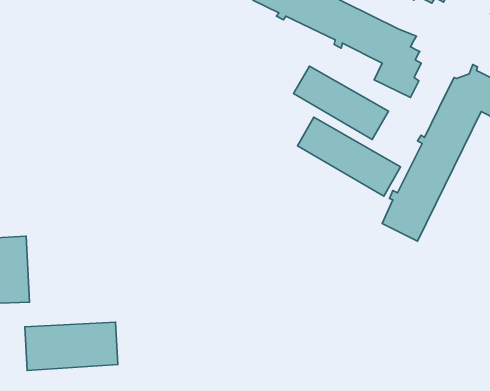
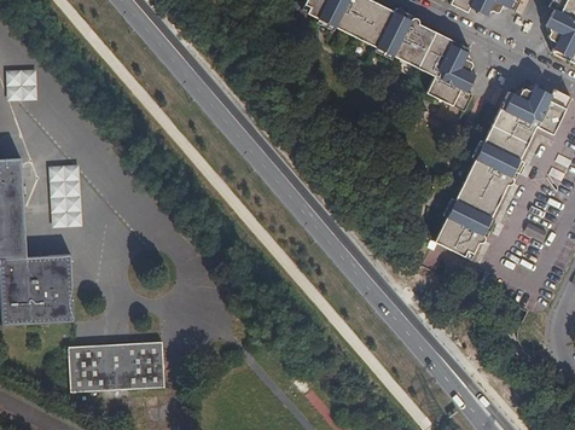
building: [294,66,388,140] -> none
building: [298,117,400,196] -> none

